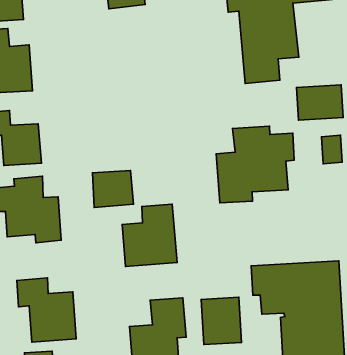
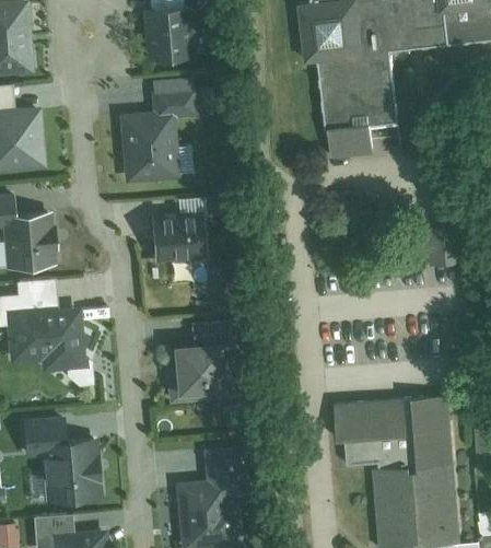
building: none -> [117,78,195,182]
building: [297,85,343,120] -> none
building: [216,126,294,203] -> none
building: [93,170,134,207] -> [151,212,206,261]
building: [201,297,241,345] -> none

